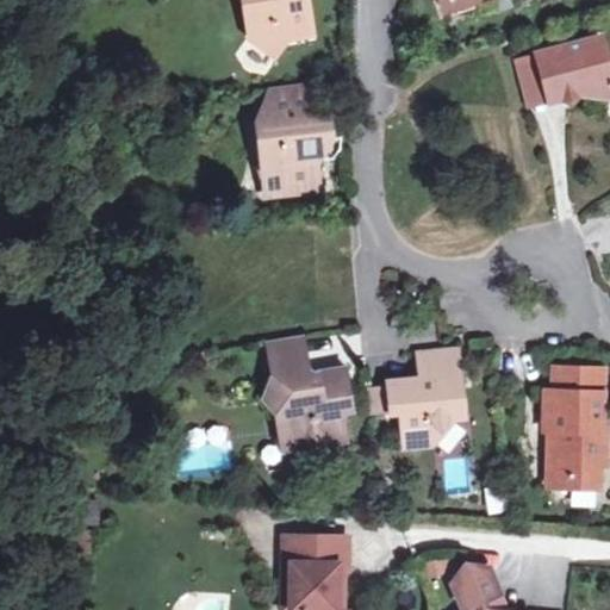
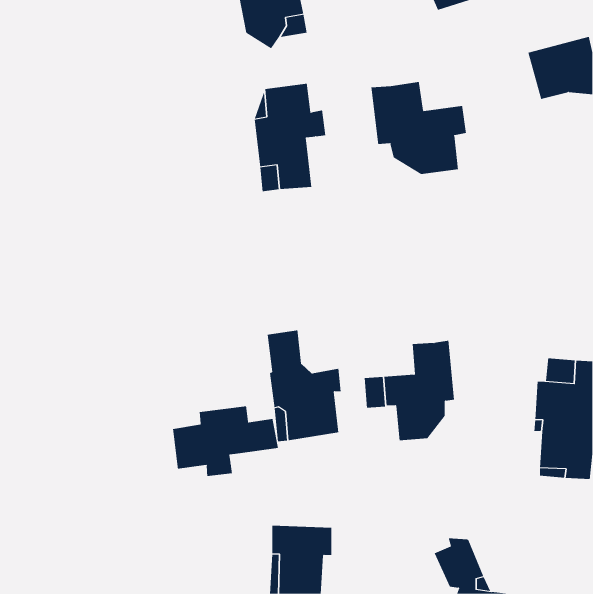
building: [515,54,550,107] -> none
building: none -> [371,81,467,175]
building: none -> [173,405,278,477]

